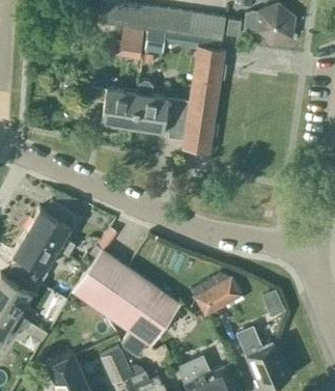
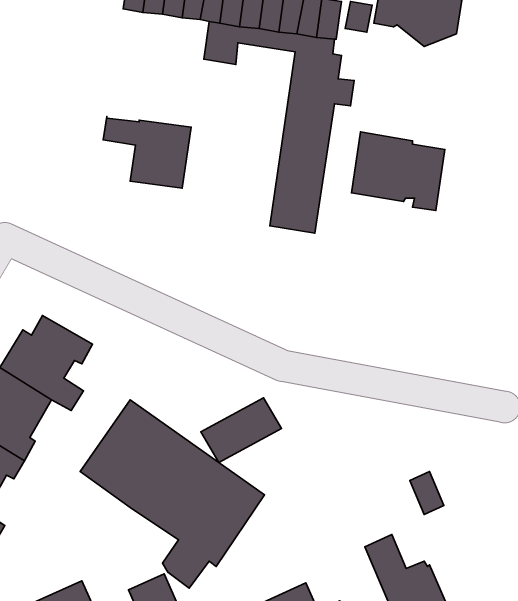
building: [111,29,143,60] -> none
building: [132,91,186,137] -> [352,132,445,211]
building: [195,278,242,315] -> [201,398,281,462]

